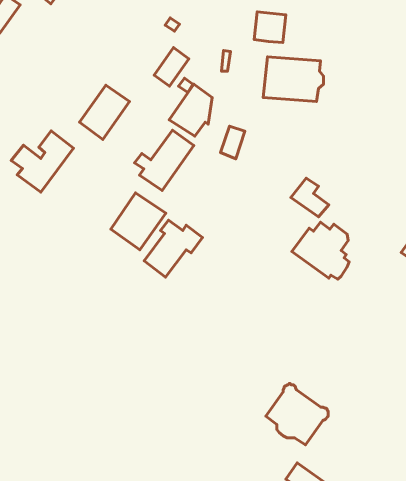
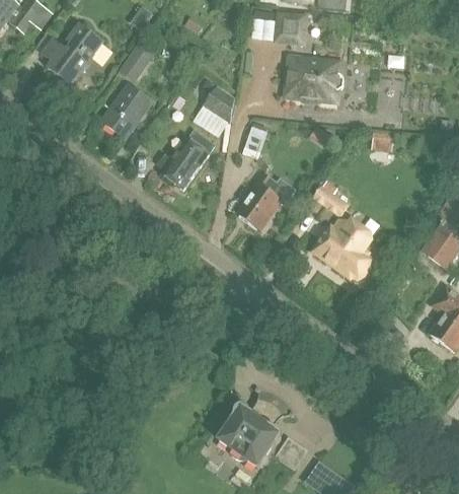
building: [154,47,189,86] -> [119,44,153,82]
building: [11,131,74,192] -> [41,24,102,85]
building: [111,193,166,250] -> none
building: [144,220,202,277] -> [238,172,296,229]
building: [266,384,328,445] -> [218,406,280,467]

